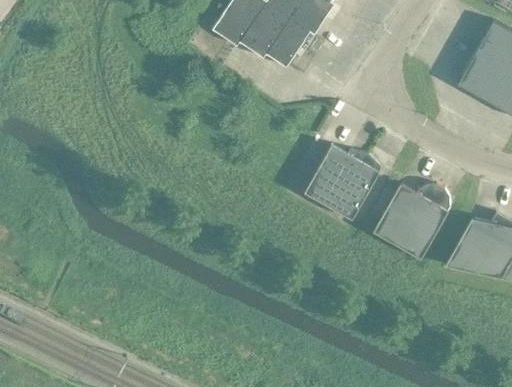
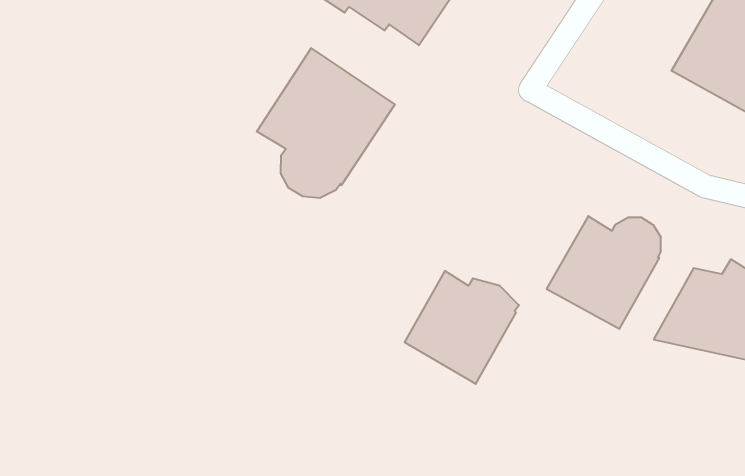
building: none -> [257,48,395,198]
building: [304,144,381,220] -> [405,271,519,384]

